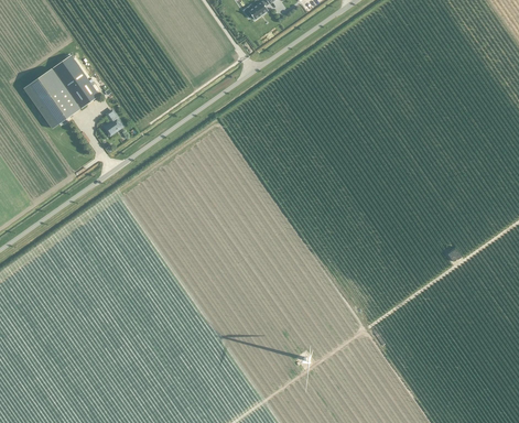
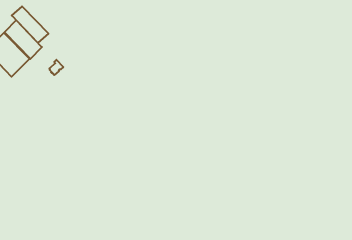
building: none -> [12,6,48,43]

